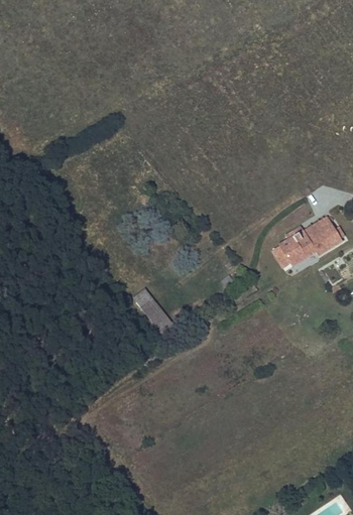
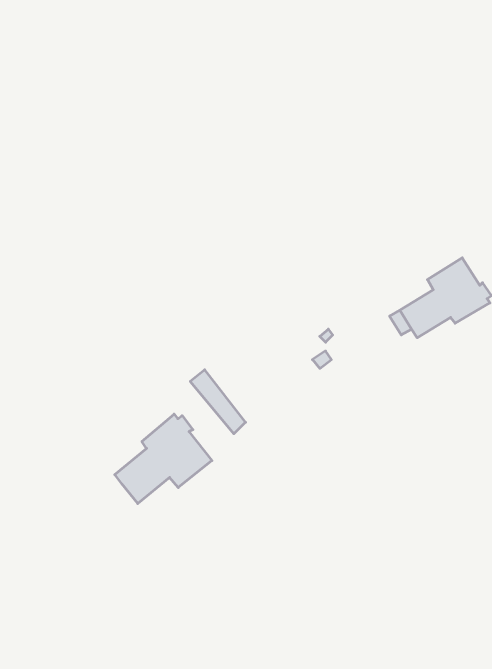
building: none -> [115,414,212,504]

